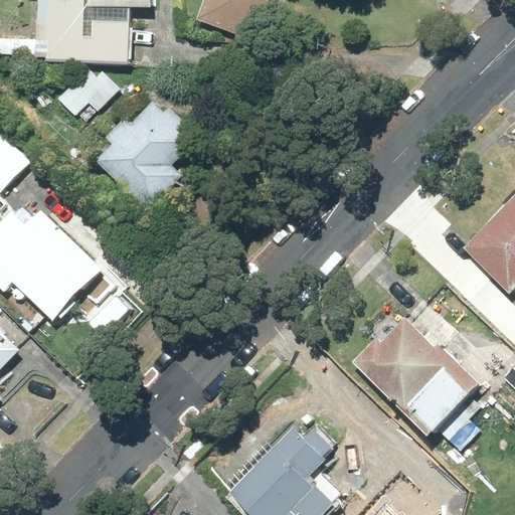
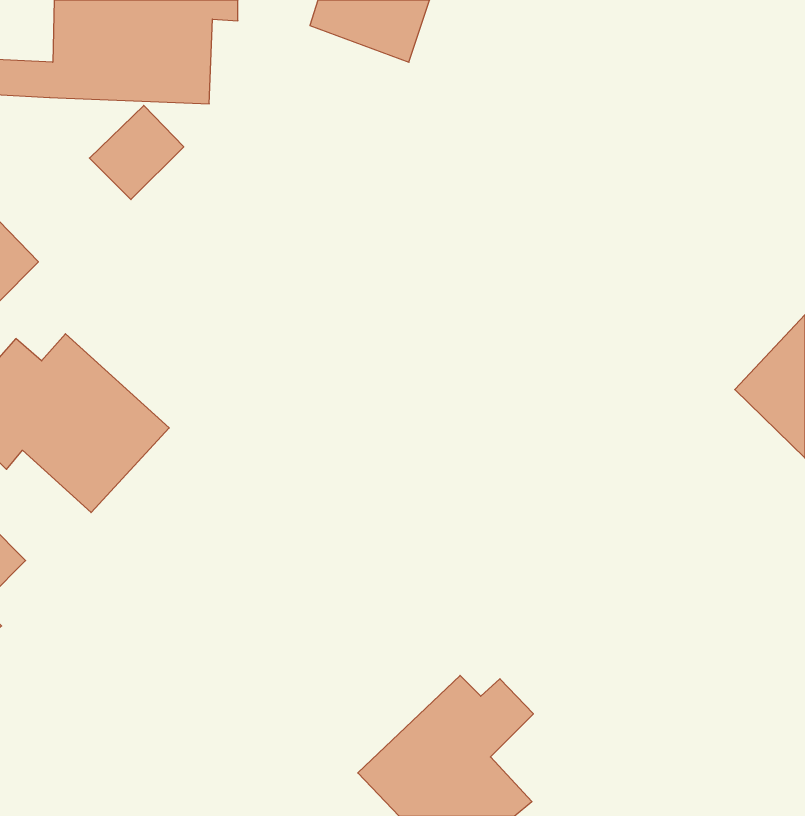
building: [95,100,195,215] -> none
building: [357,316,479,451] -> none

